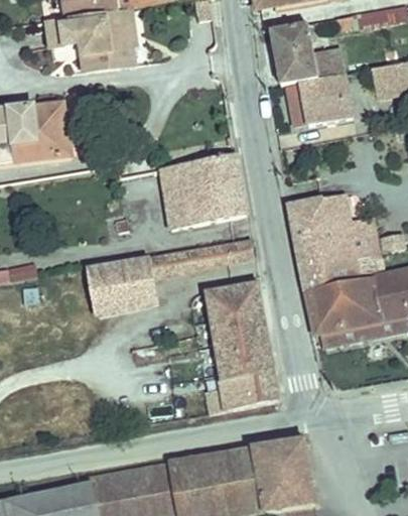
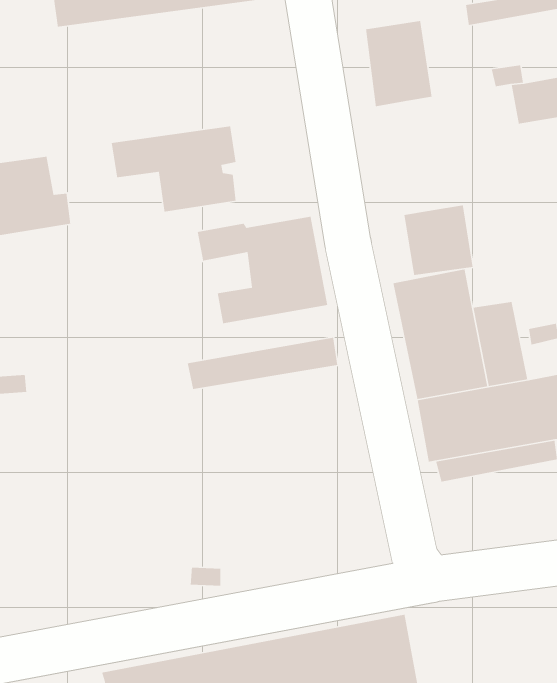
building: [31,16,120,78] -> [111,126,237,213]
building: [299,67,349,117] -> [404,205,473,276]
building: [87,258,152,311] -> none
building: [201,284,278,414] -> none

